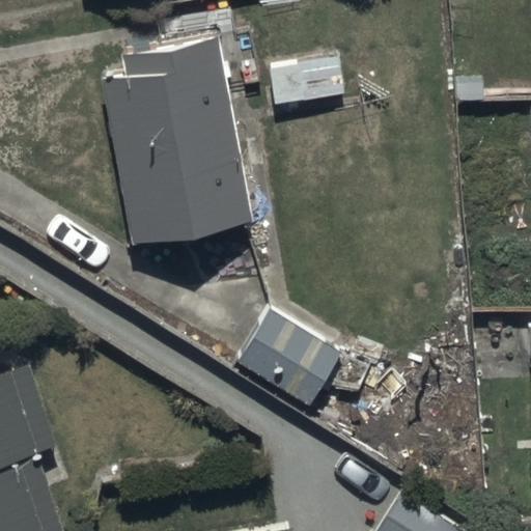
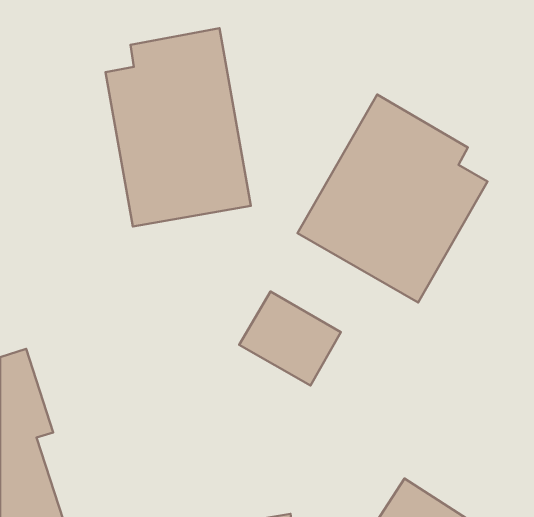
building: none -> [298,94,487,303]

